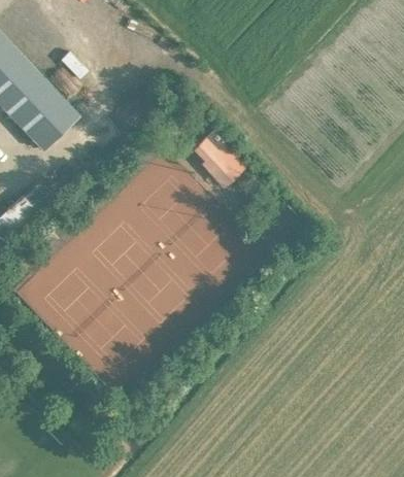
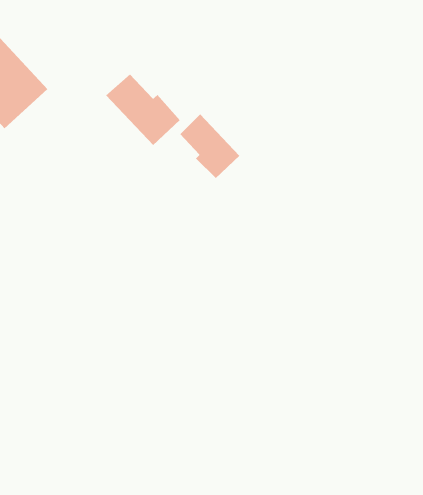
building: none -> [105,74,181,146]

